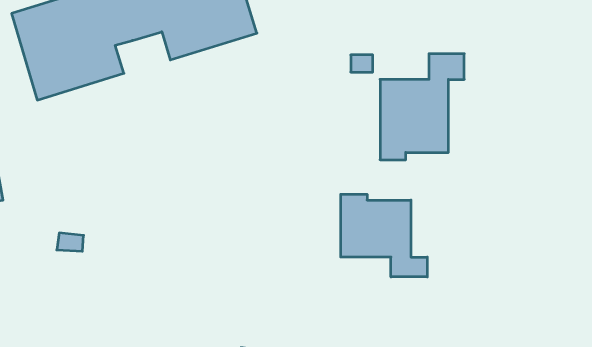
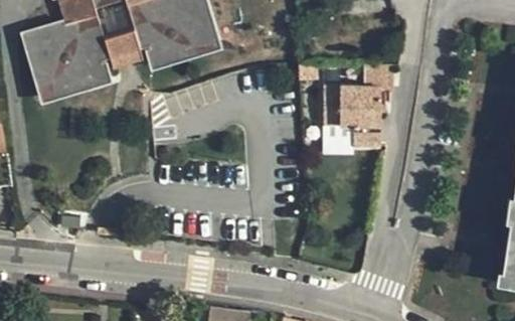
building: [341,194,427,277] -> none

